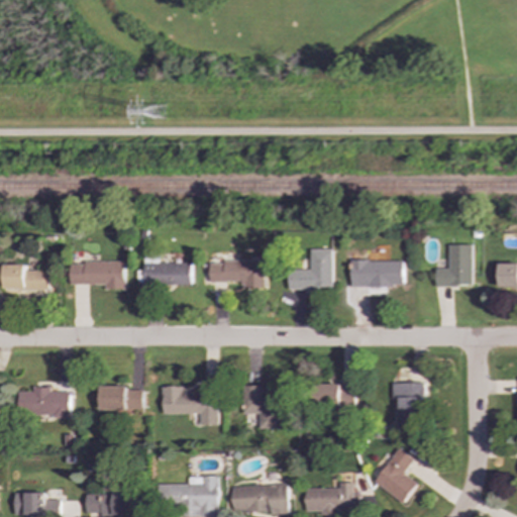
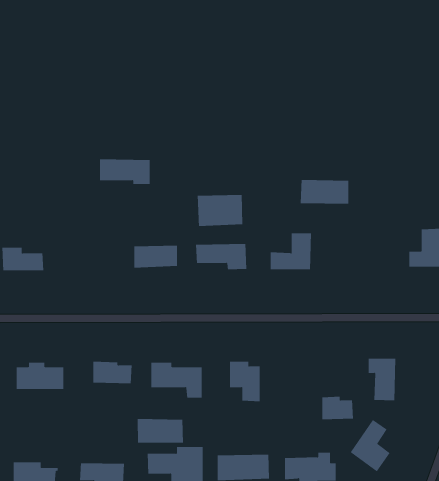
building: none -> [197,194,243,227]
building: [350,260,403,286] -> [300,180,349,204]
building: [69,261,123,288] -> [99,159,150,184]
building: [320,383,354,408] -> [322,396,354,420]
building: none -> [137,418,183,444]

